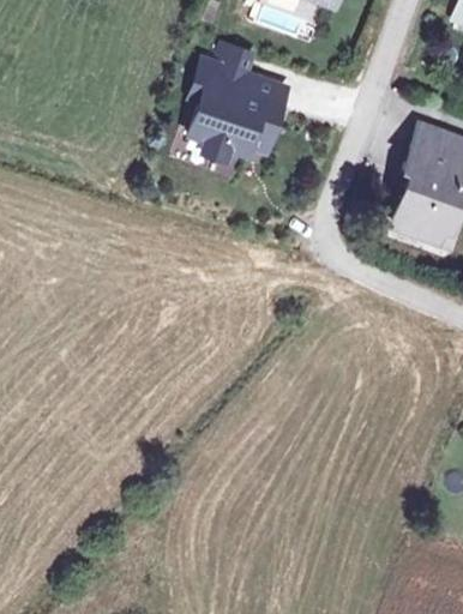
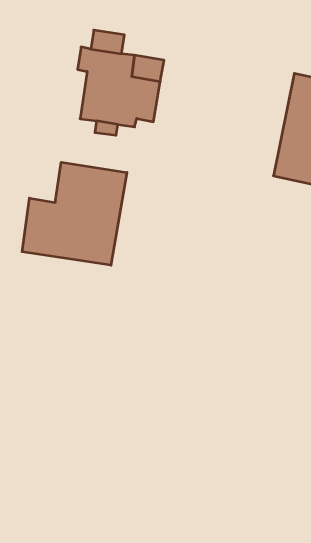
building: none -> [22,162,127,265]

